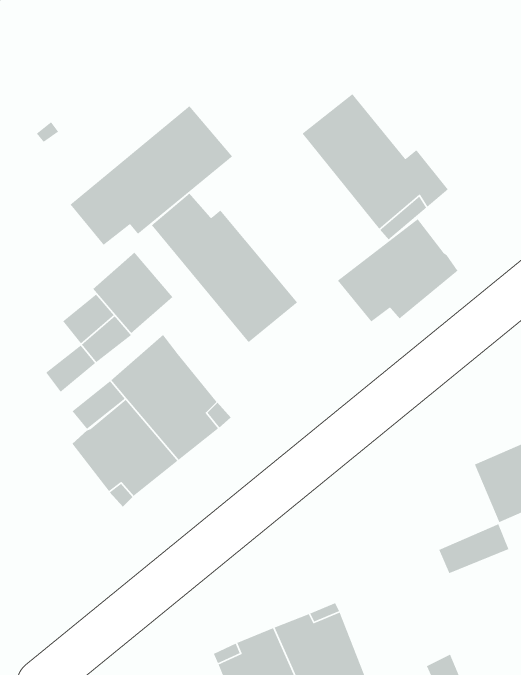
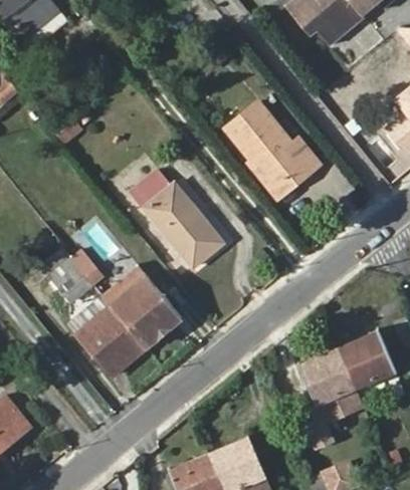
building: [70,105,233,246] -> none
building: [337,218,458,322] -> none
building: [92,252,173,334] -> none
building: none -> [299,347,355,403]

